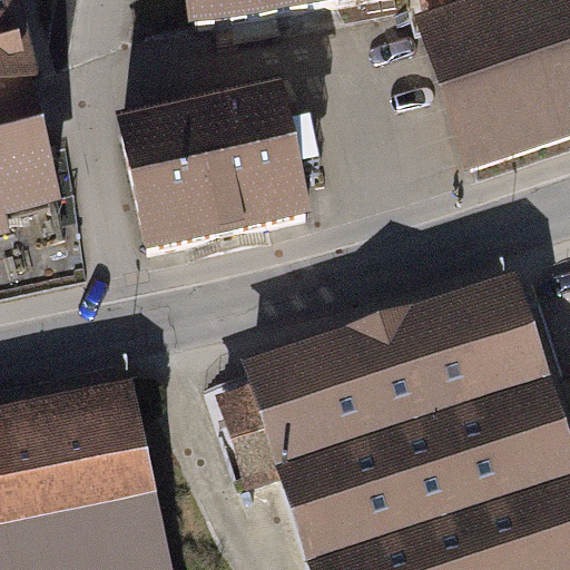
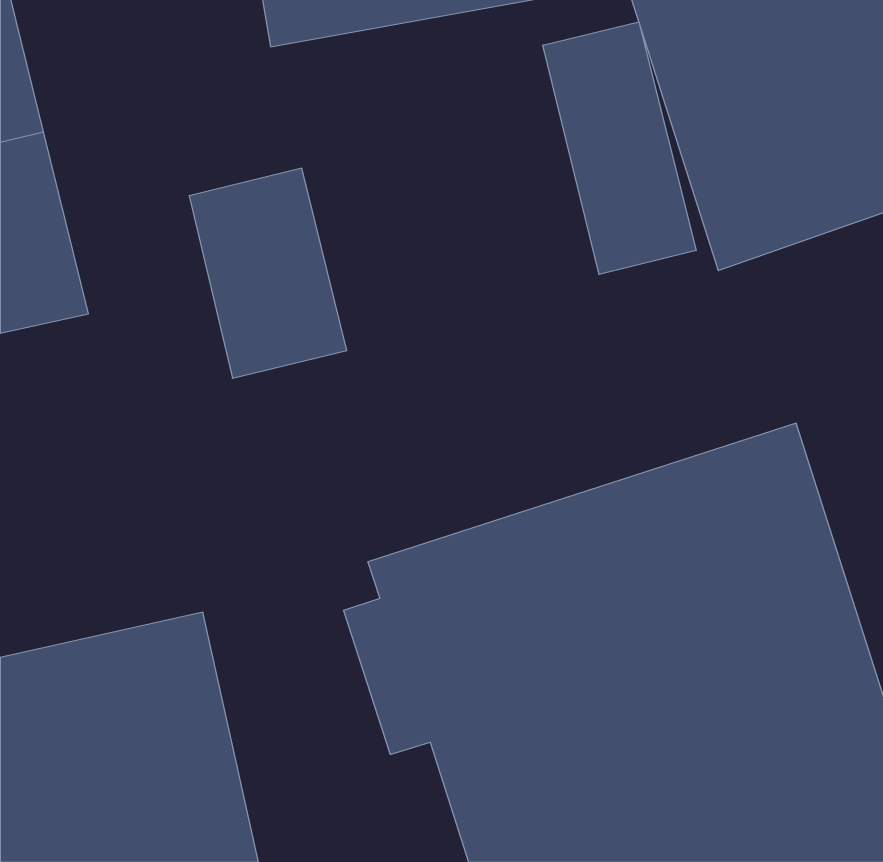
building: none -> [543,22,696,275]
building: [196,90,302,225] -> none

